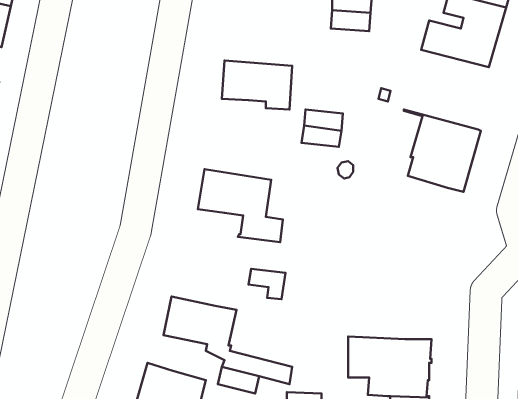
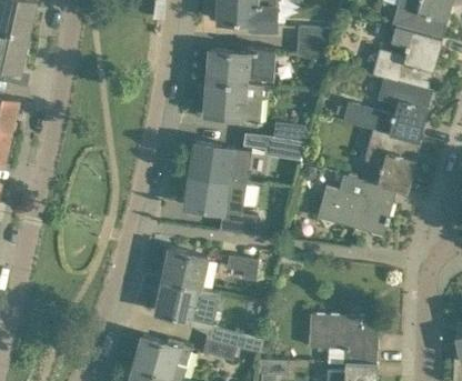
building: none -> [205,48,273,87]
building: none -> [355,73,432,140]
building: none -> [189,142,249,182]
building: none -> [315,174,392,235]
building: none -> [161,249,204,288]

